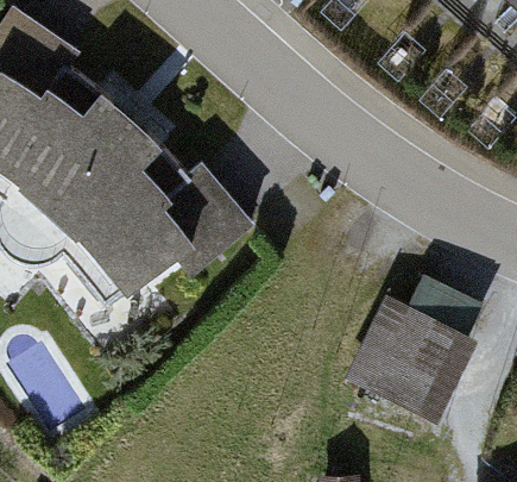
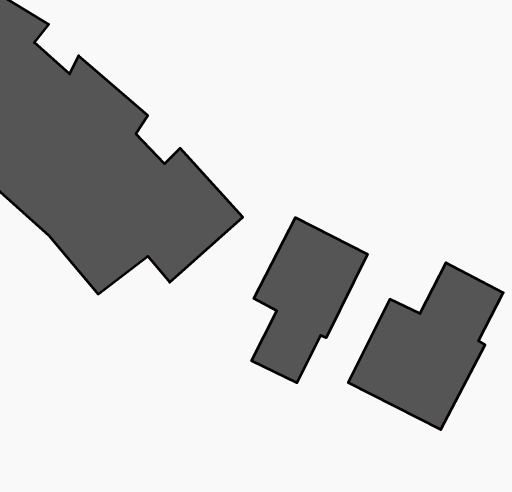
building: none -> [252,218,367,383]

